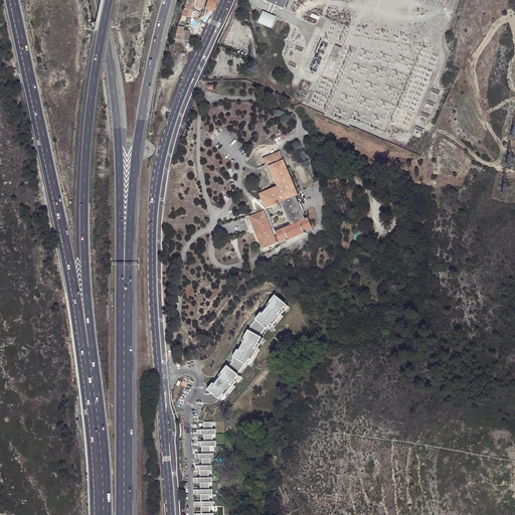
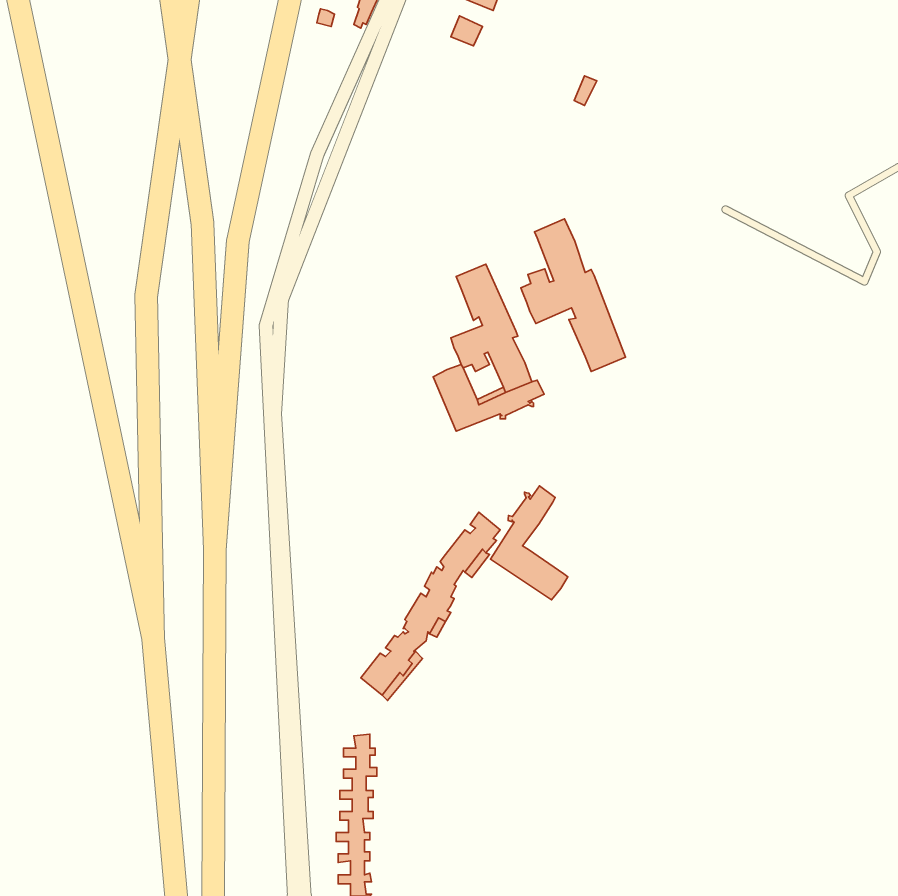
building: none -> [521,219,626,371]
building: none -> [491,486,568,600]

